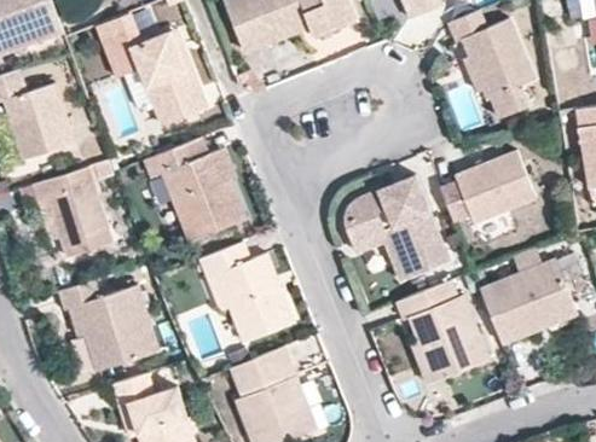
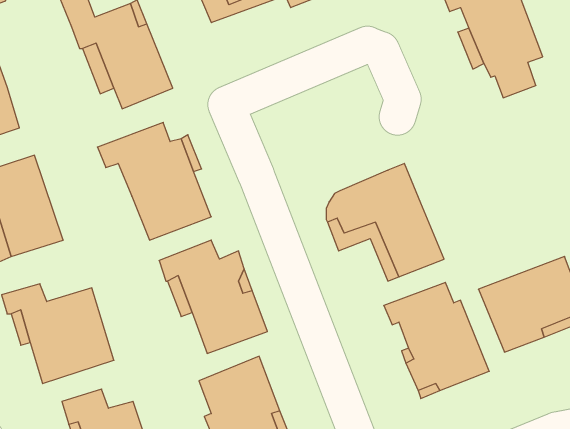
building: [440,151,536,223] -> none

